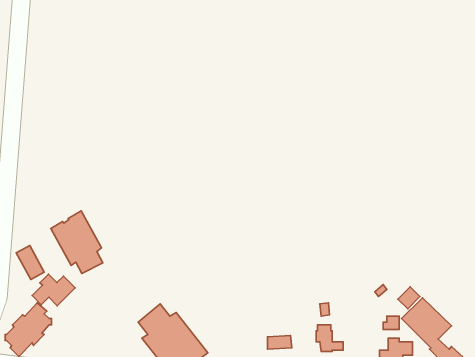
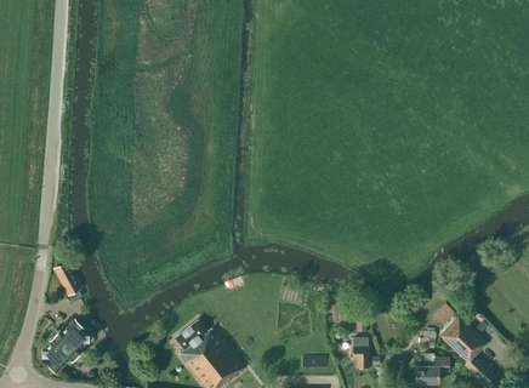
building: [51,211,103,274] -> none
building: [32,274,75,306] -> none

